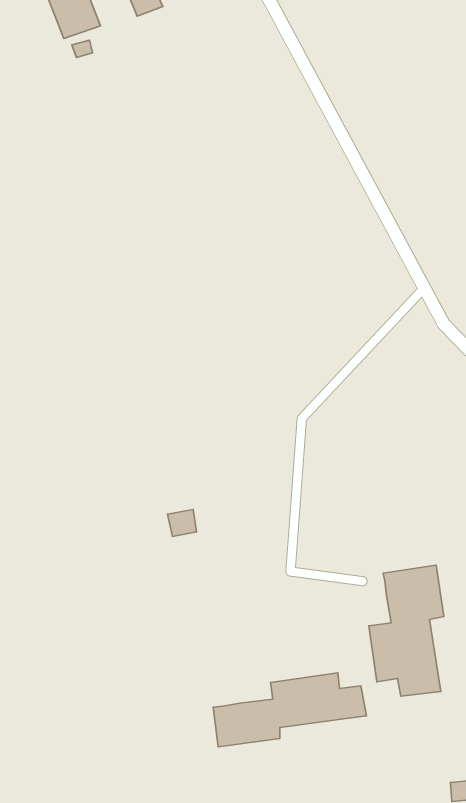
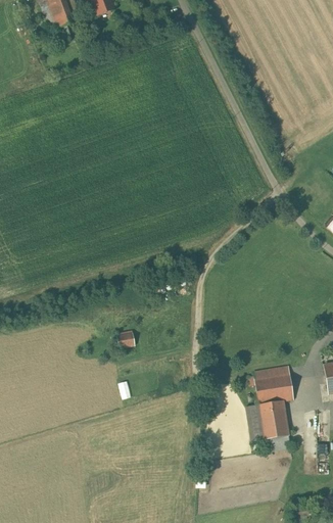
building: [213,673,366,747] -> none

